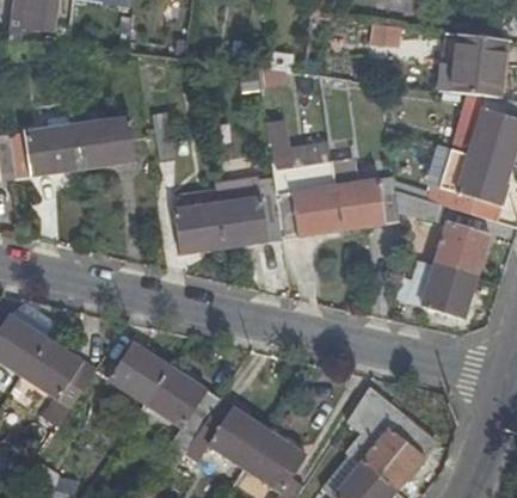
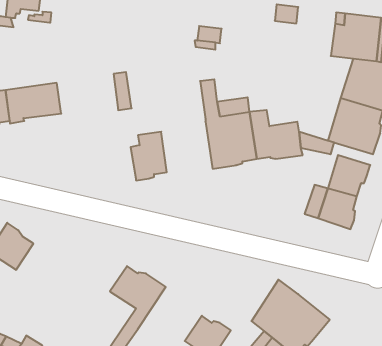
building: [76,119,136,167] -> none
building: [214,177,283,245] -> none
building: [23,339,98,428] -> none
building: [109,339,170,402] -> none
building: [184,396,269,468] -> none

